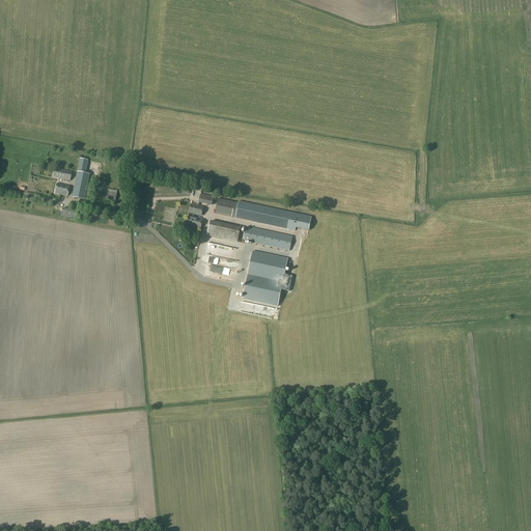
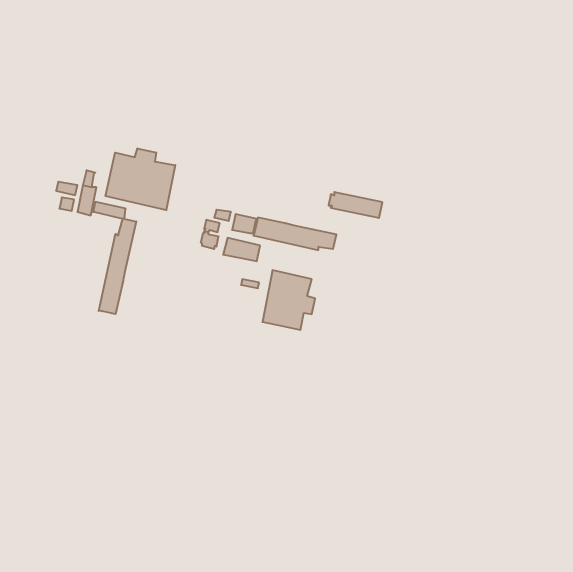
building: none -> [105,148,175,210]
building: none -> [99,219,136,314]
building: [243,226,292,250] -> [329,192,382,218]

